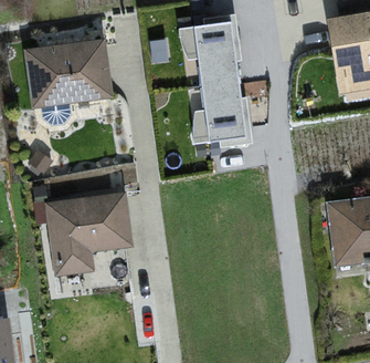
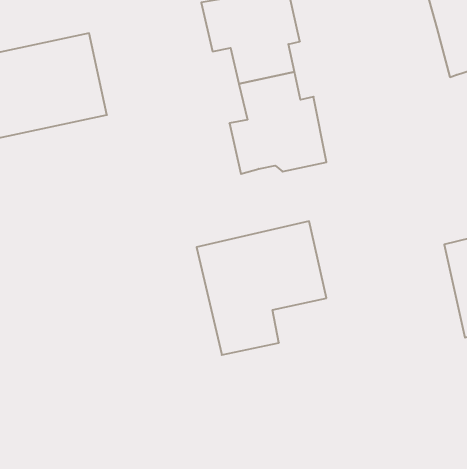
building: [49,190,131,273] -> [197,221,326,355]

